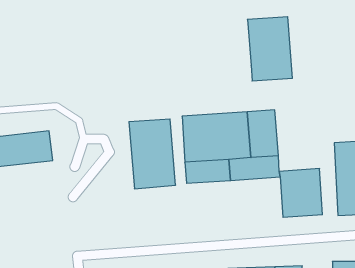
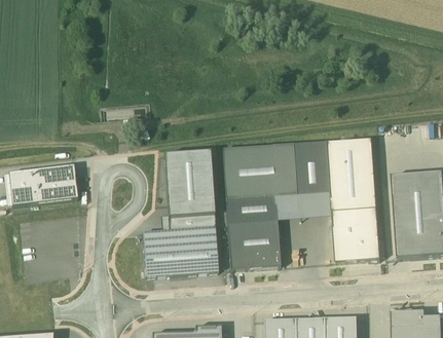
building: [247,17,292,81] -> [326,138,376,210]
building: none -> [227,220,280,268]
building: none -> [142,225,218,275]

